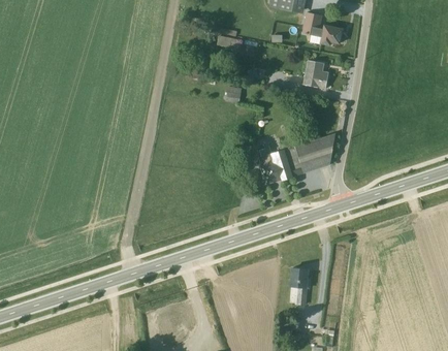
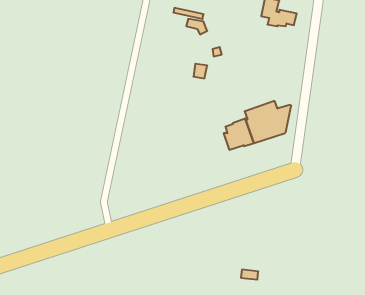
building: [303,59,328,88] -> none
building: [291,267,310,305] -> none

